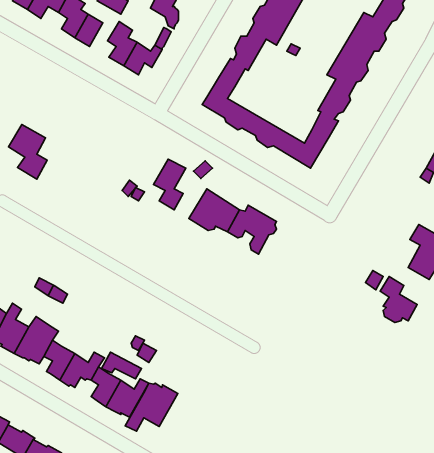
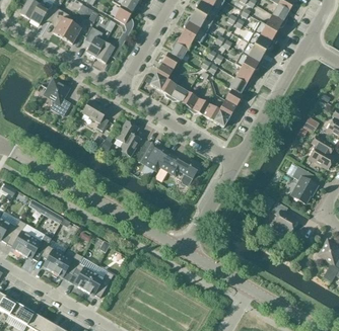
building: [9,124,47,179] -> [44,78,70,115]
building: none -> [82,99,109,130]
building: [125,383,178,431] -> none

